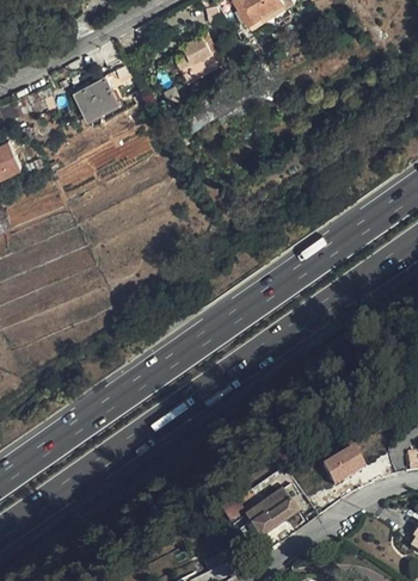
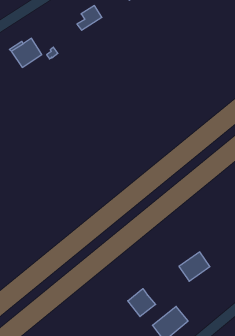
building: [319,444,364,486] -> [179,252,210,281]
building: none -> [128,289,156,317]

